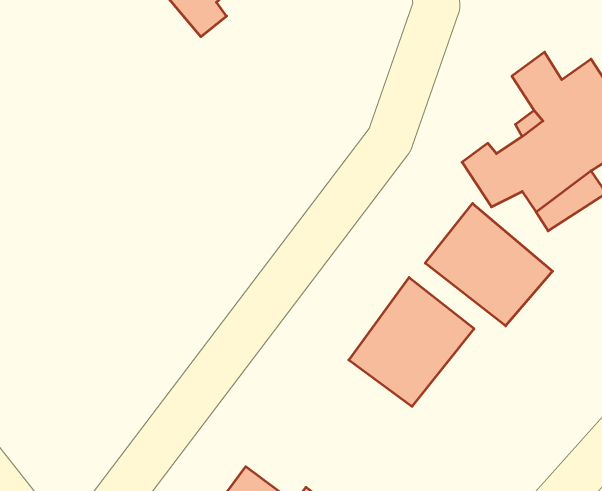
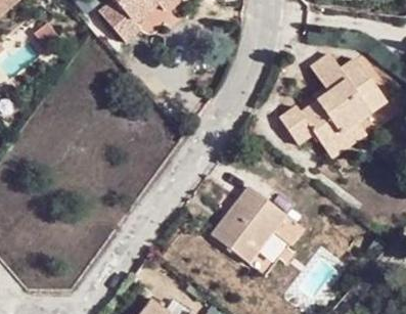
building: [425,203,553,326] -> none

